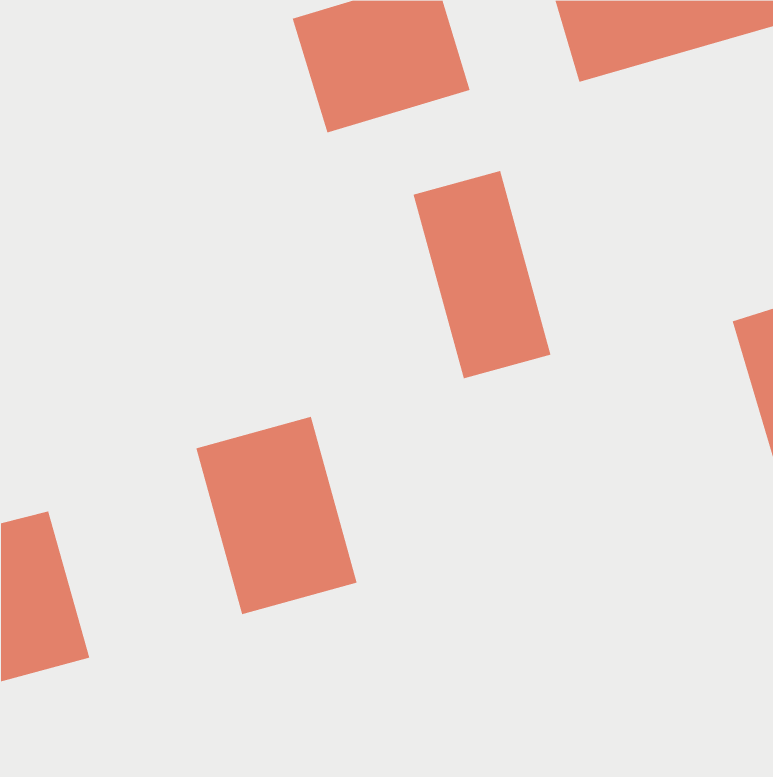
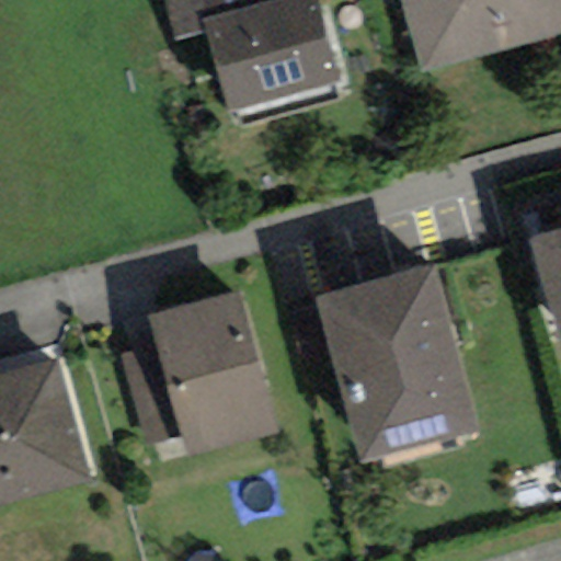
building: [413,170,551,379] -> none
building: none -> [320,271,463,446]

